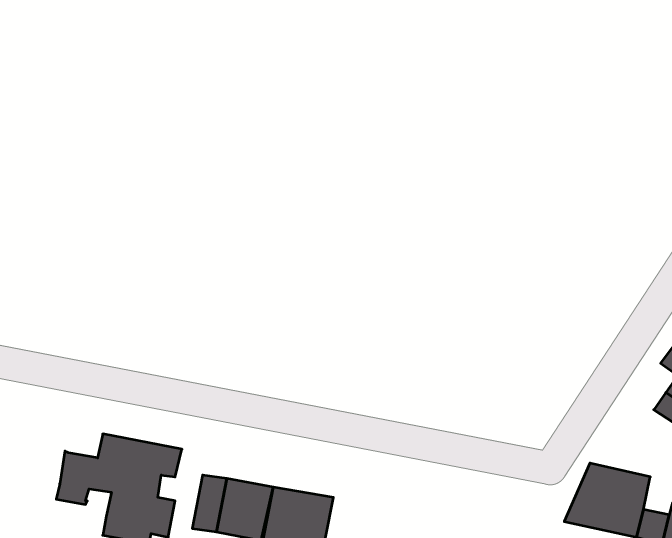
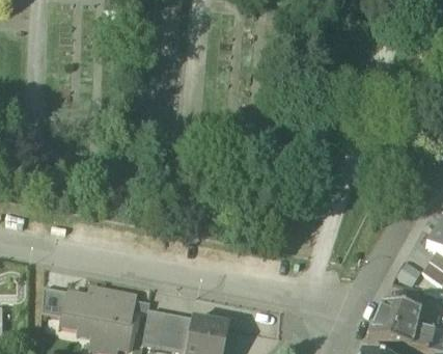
building: none -> [44,285,72,316]

